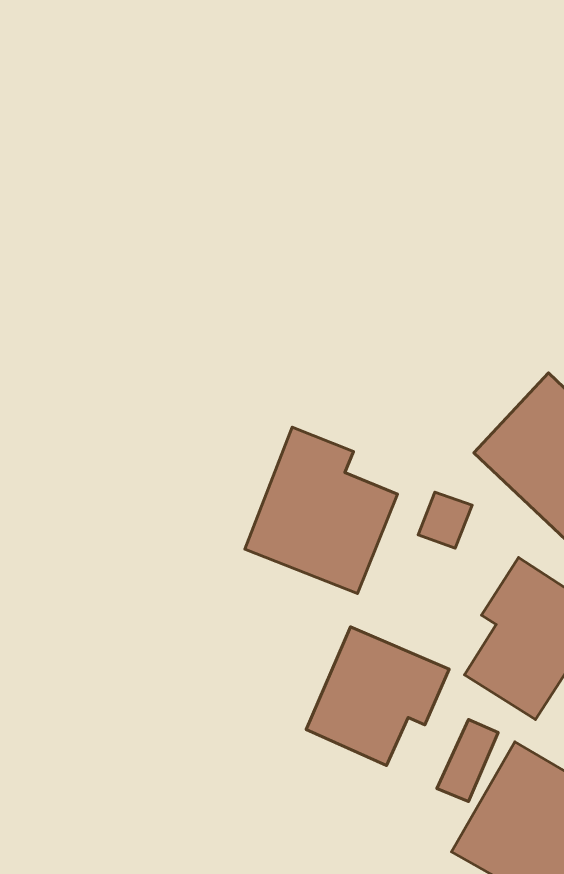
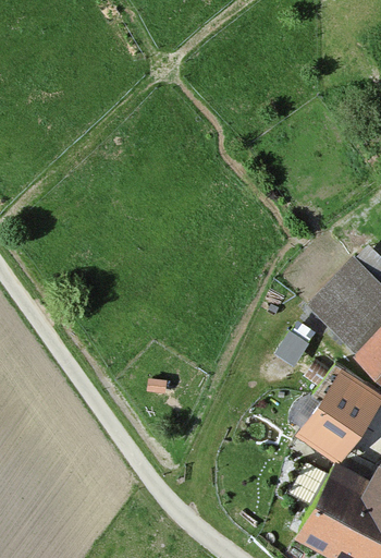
building: [245,427,397,593] -> none
building: [306,627,449,765] -> none

